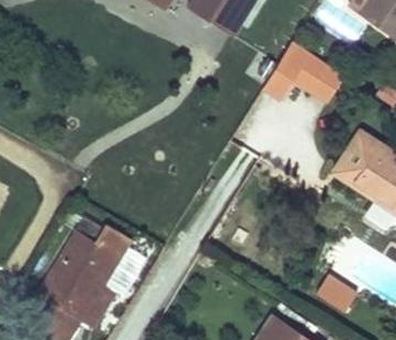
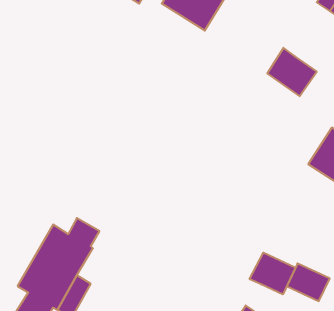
building: [264,41,312,99] -> none
building: none -> [250,253,295,294]

